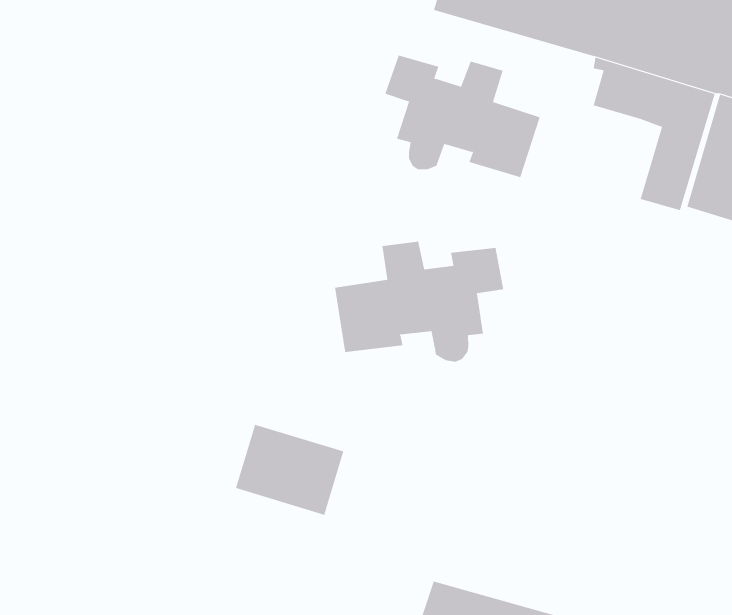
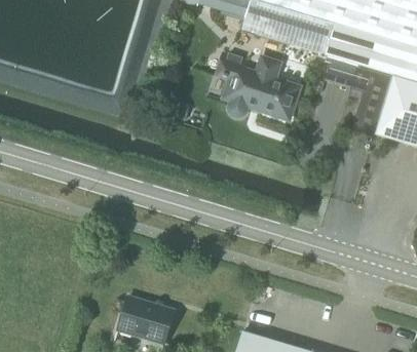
building: [335,241,504,363] -> none
building: [235,424,344,516] -> [117,296,175,344]

